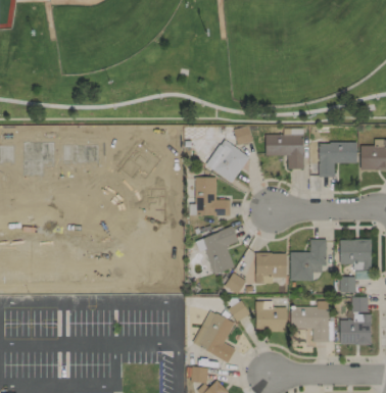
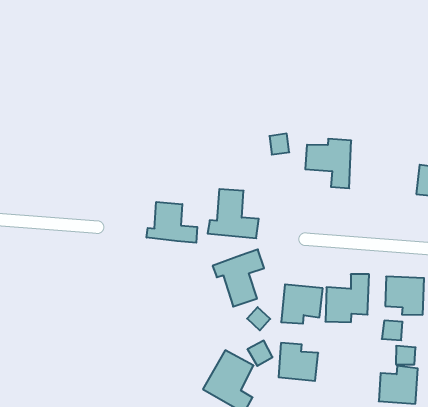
building: [319,136,356,177] -> none
building: [206,140,250,183] -> none
building: none -> [147,202,197,243]
building: [290,301,329,342] -> none

